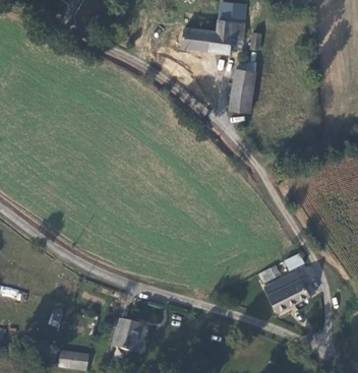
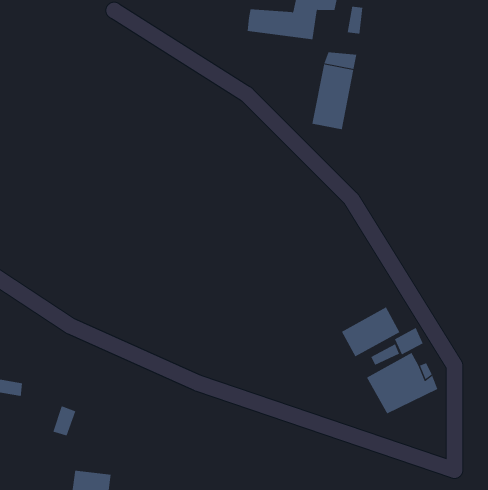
building: none -> [341,307,400,357]
building: [114,318,141,350] -> none

